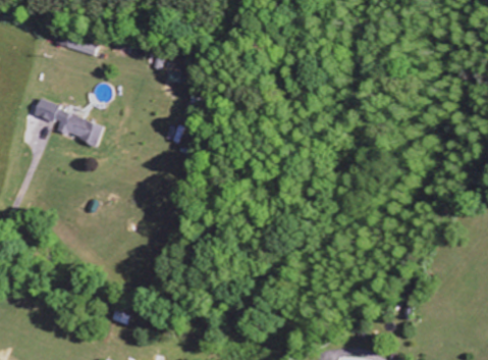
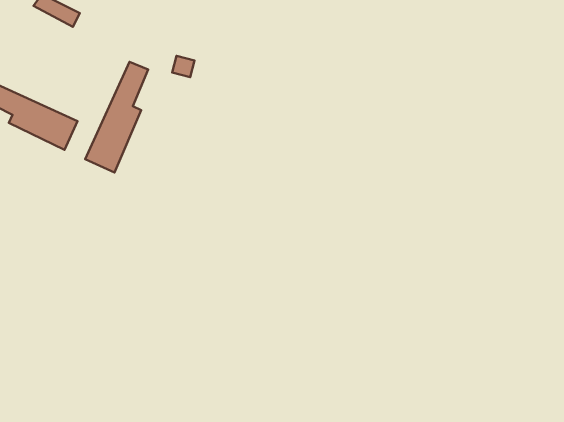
building: none -> [85,62,148,173]

